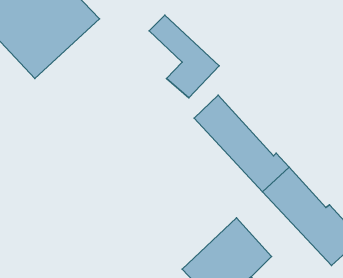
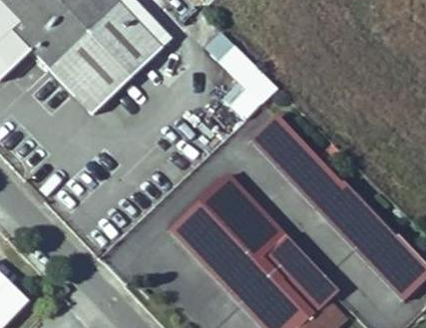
building: none -> [80,31,165,112]
building: none -> [172,174,300,304]

